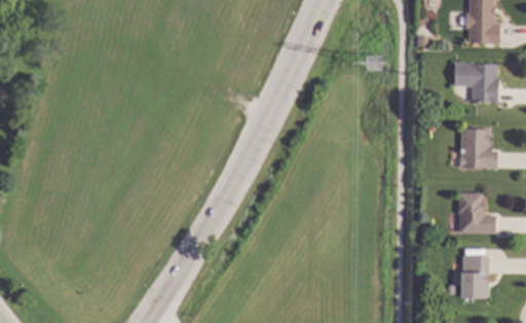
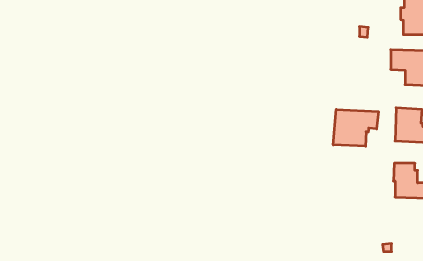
building: none -> [333,109,378,146]
building: [460,255,487,298] -> none

